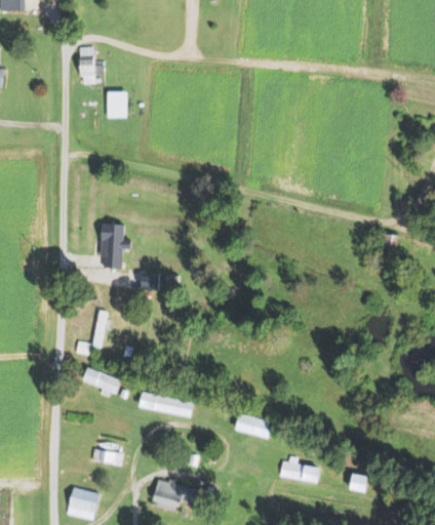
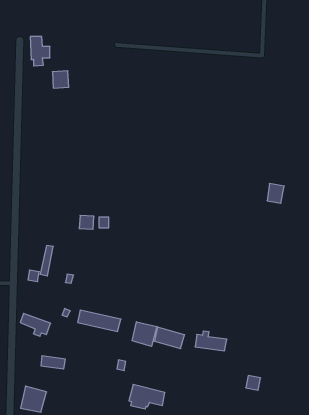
building: [101,223,131,269] -> none
building: [83,367,121,396] -> [20,313,51,336]
building: none -> [132,322,157,346]
building: [280,456,320,481] -> [195,331,227,351]
building: [154,479,199,510] -> [129,384,165,409]

